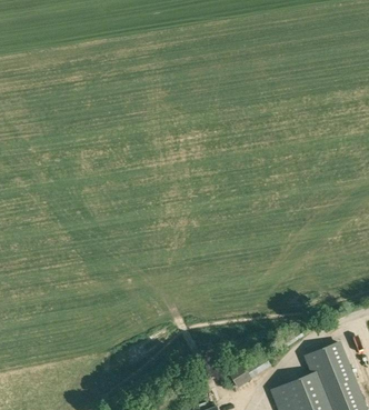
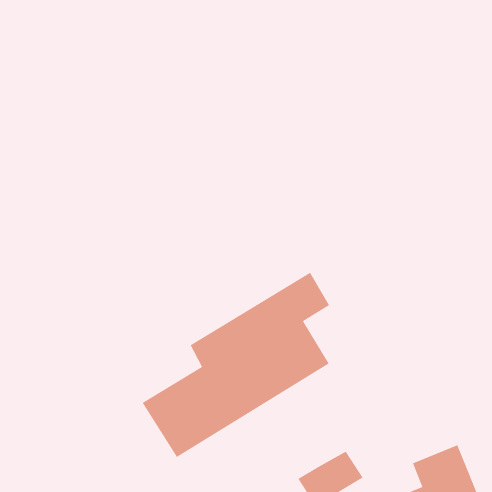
building: none -> [142,272,330,458]

